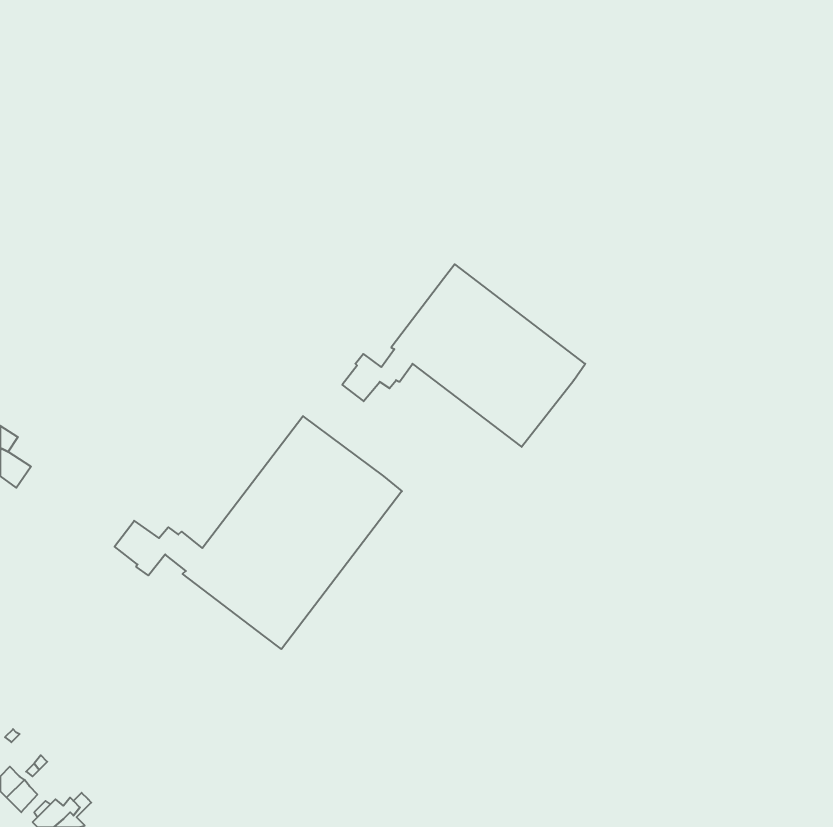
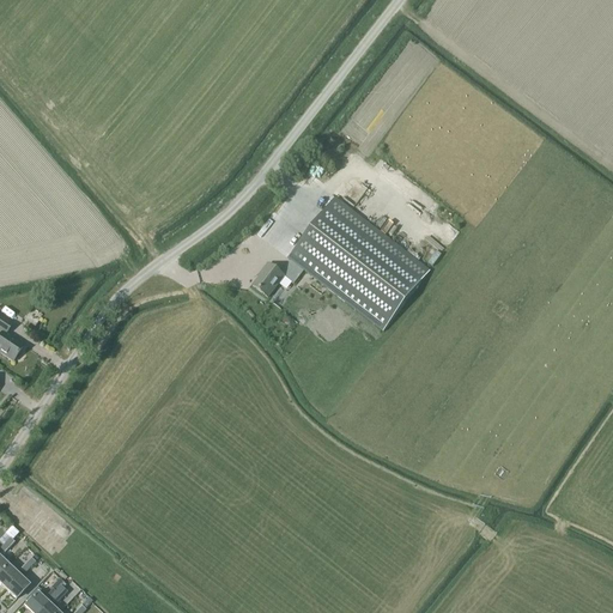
building: [115,416,402,649] -> none

